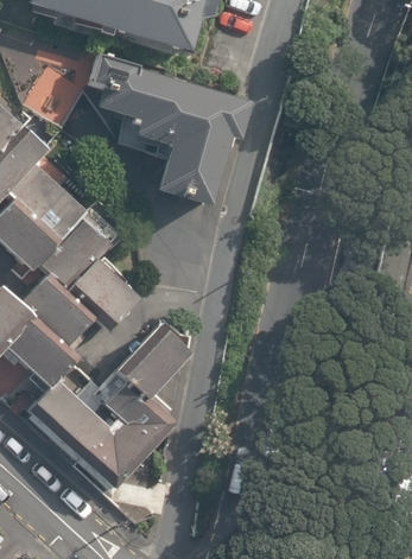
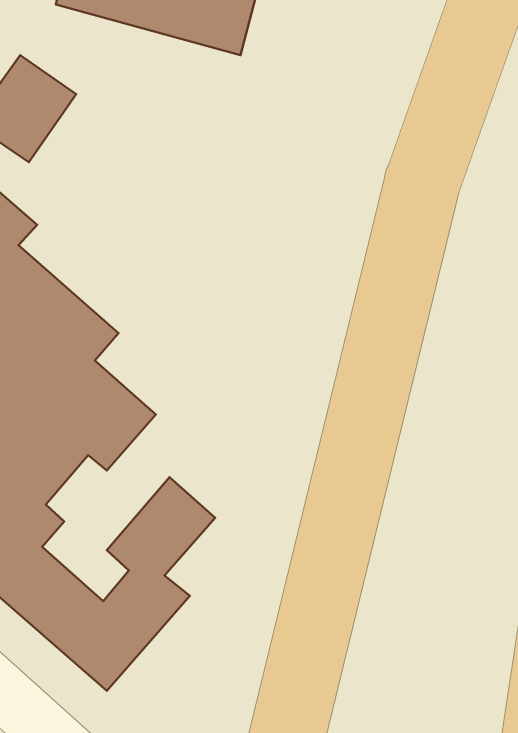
building: [82,55,249,224] -> none

